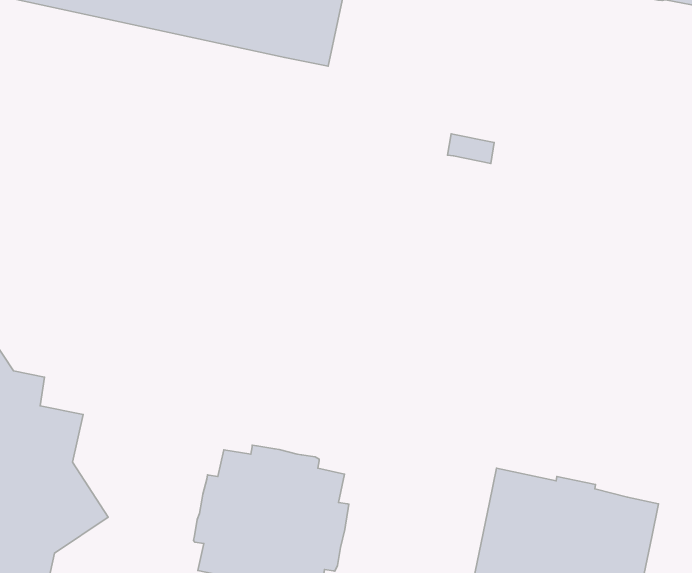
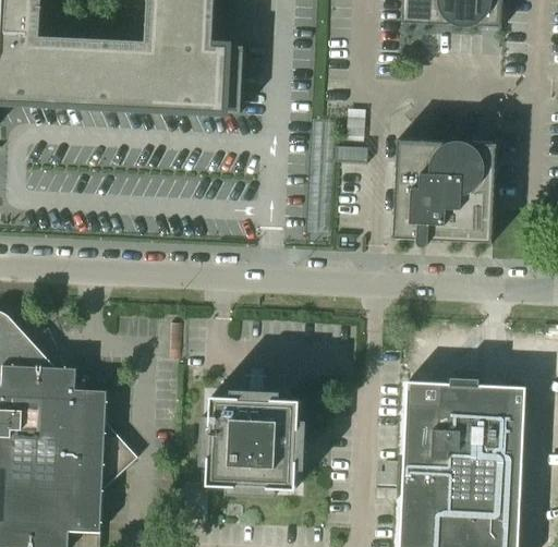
building: none -> [391,139,496,247]

